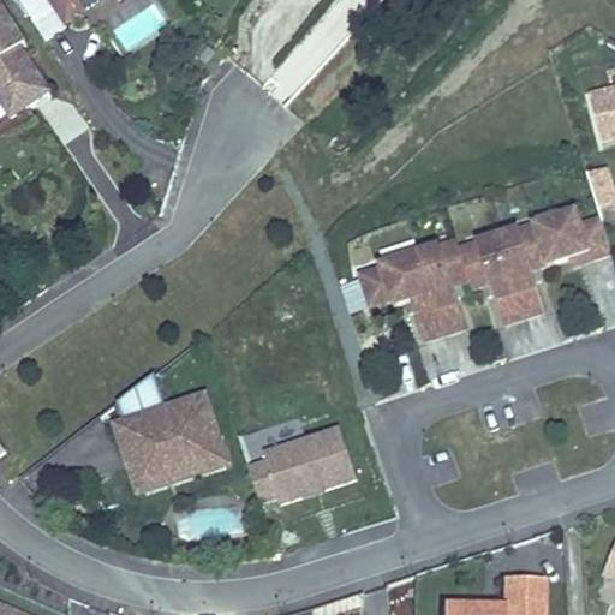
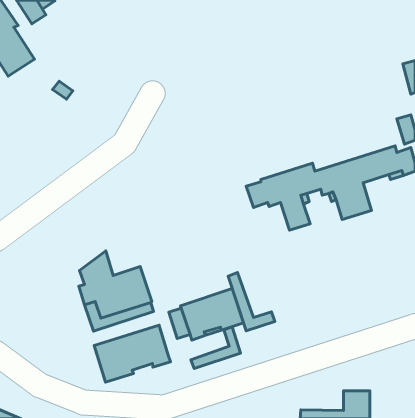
building: none -> [228,273,275,331]
building: none -> [94,325,171,382]
building: none -> [191,327,241,369]

